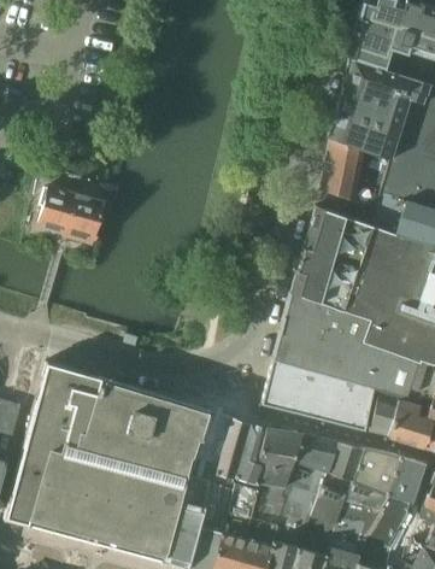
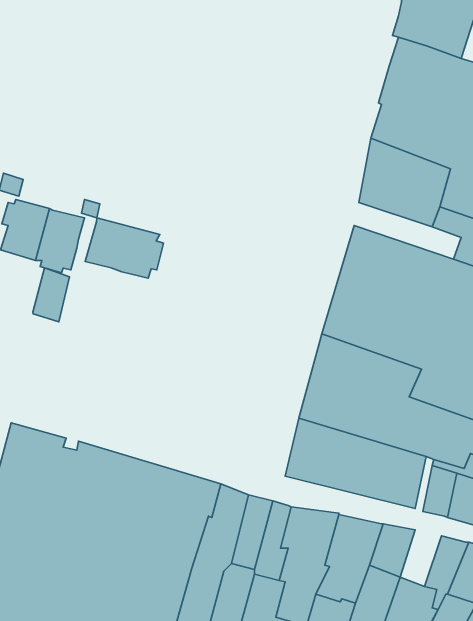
building: none -> [85,218,163,278]
building: none -> [33,268,70,322]
building: [354,447,387,492] -> none

